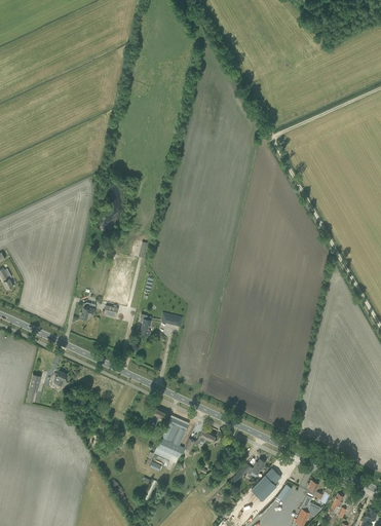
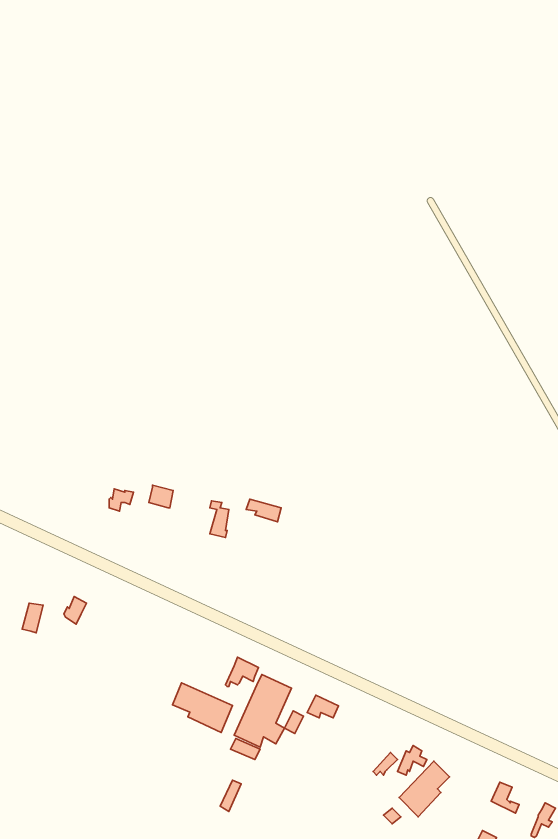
building: none -> [172,683,233,732]

